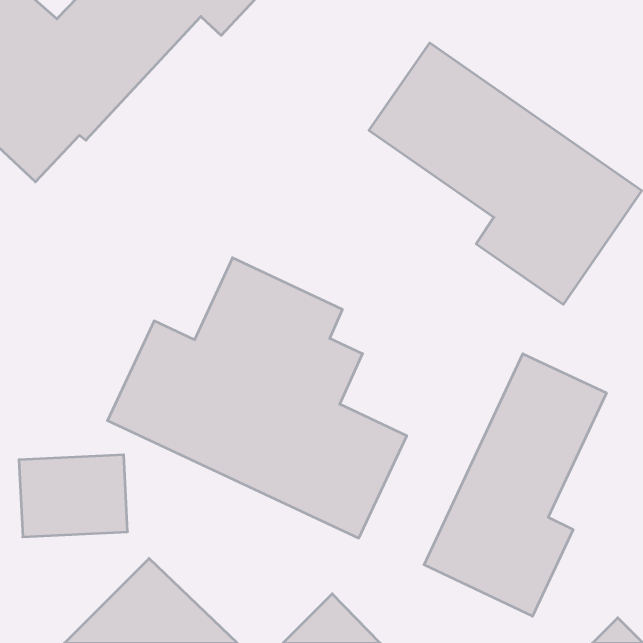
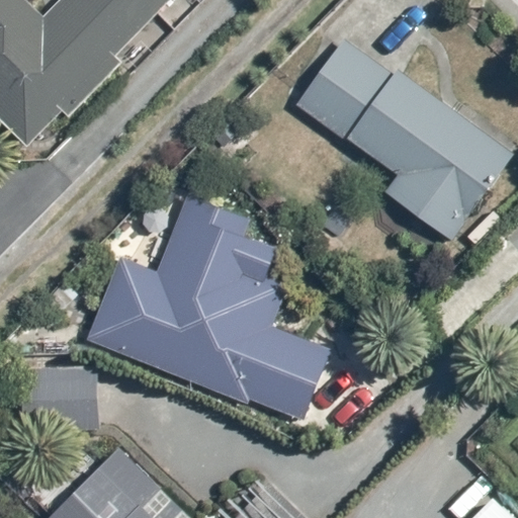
building: [424,354,606,616] -> none

